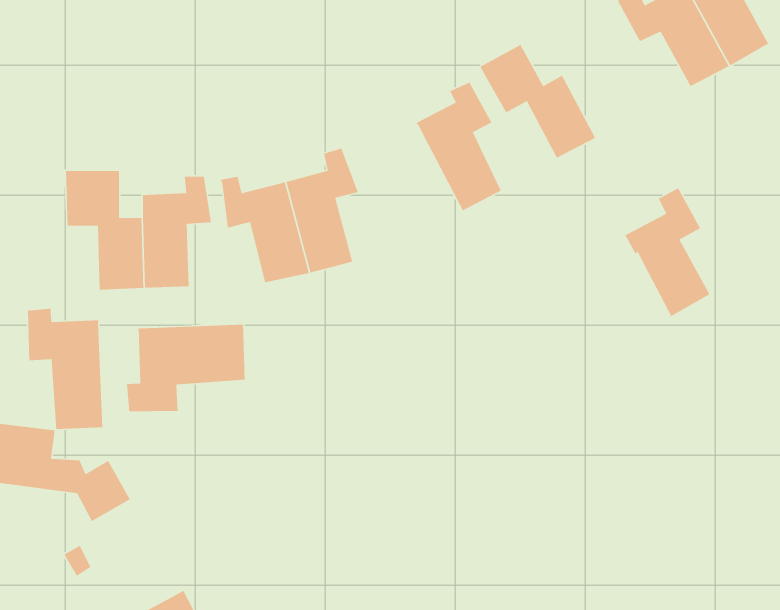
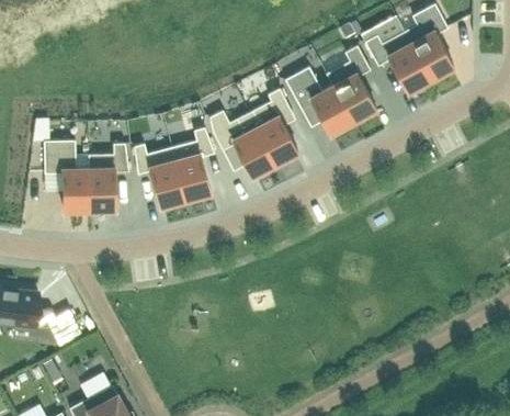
building: none -> [209,112,275,180]
building: [624,187,710,317] -> [326,47,376,123]
building: [27,308,103,430] -> none
building: [126,324,246,412] -> none

